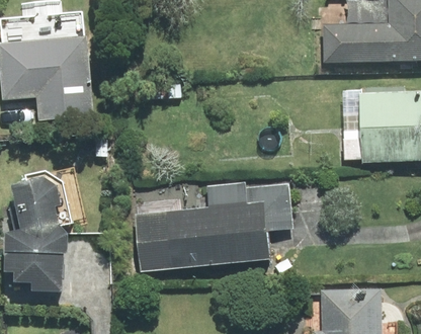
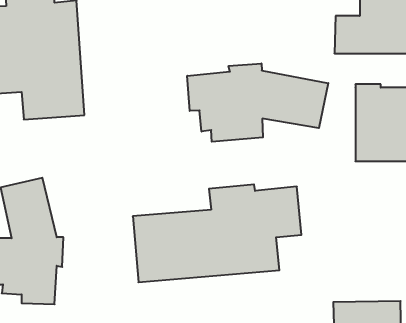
building: none -> [187,63,328,142]

